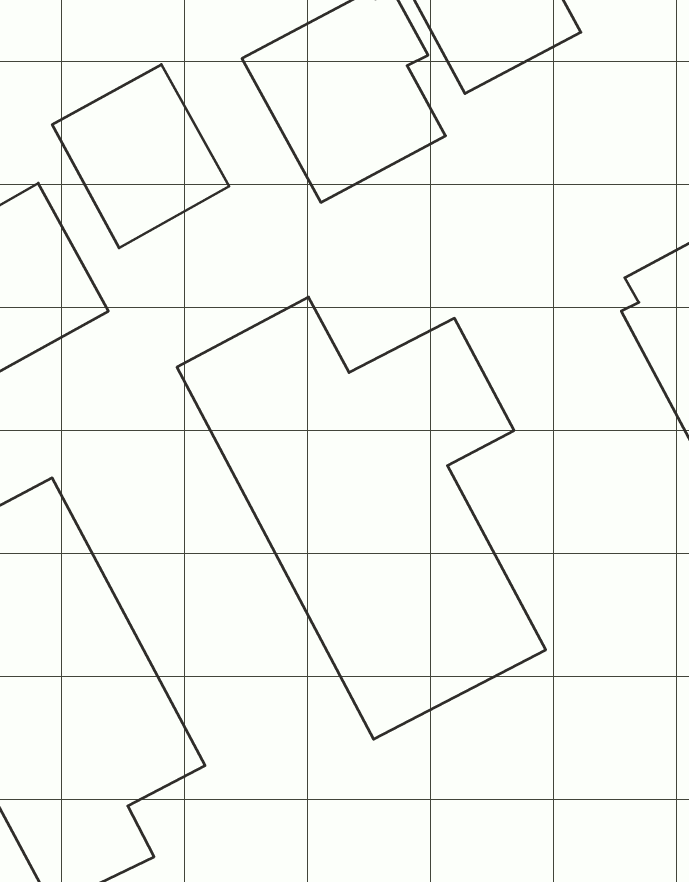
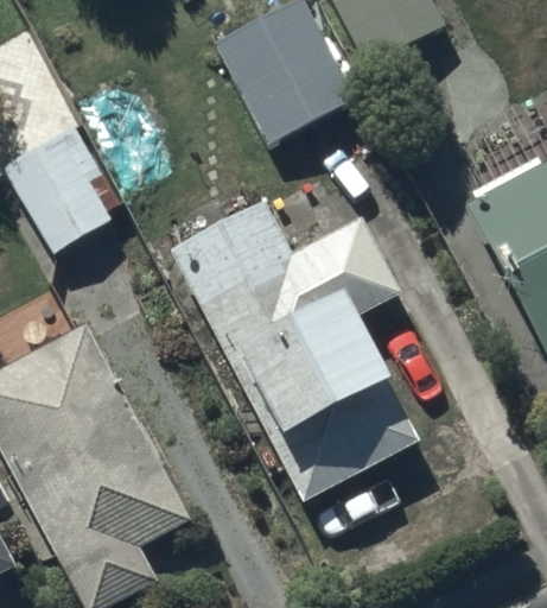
building: [52,64,229,248] -> none

